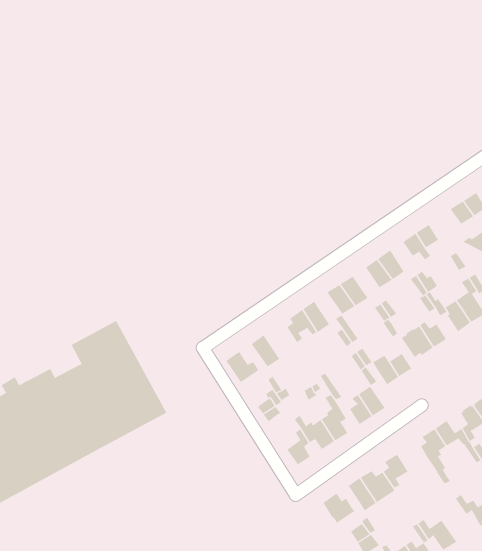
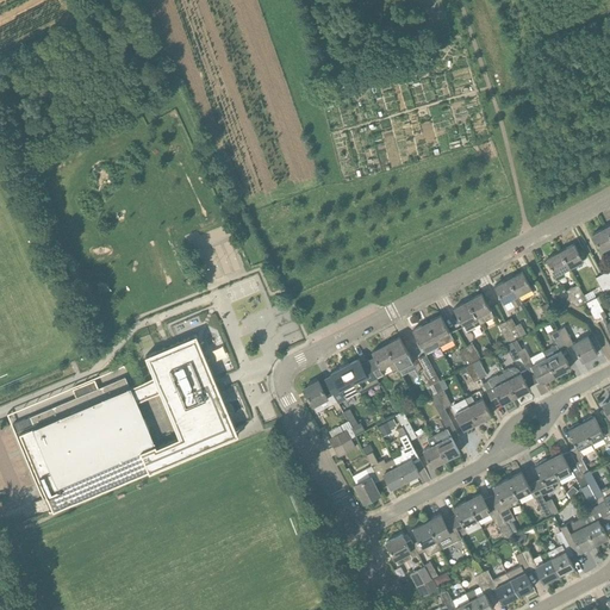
building: none -> [344,360,376,392]
building: none -> [467,494,511,541]
building: none -> [505,553,533,597]

